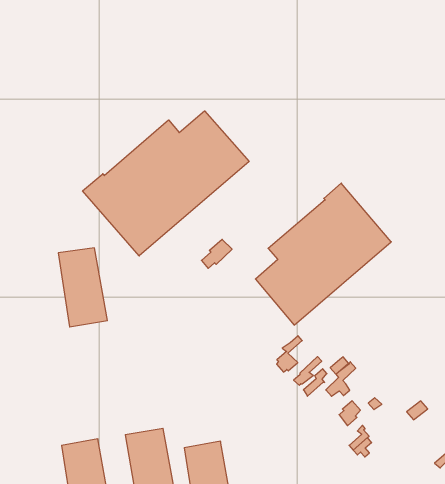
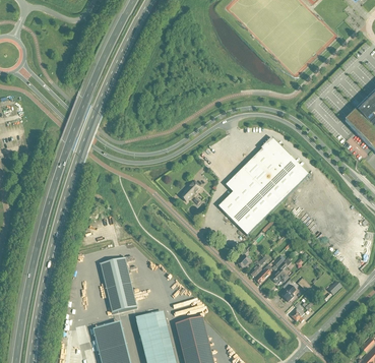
building: [83,111,249,256] -> none
building: [58,248,107,327] -> [100,257,136,312]

